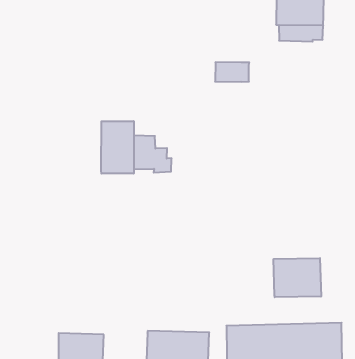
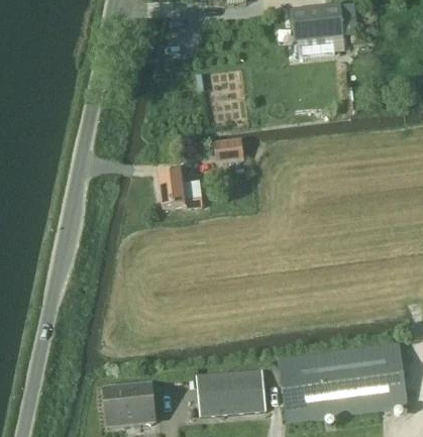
building: [215,62,249,82] -> [214,137,251,161]
building: [101,121,134,174] -> none
building: [274,258,321,297] -> none

